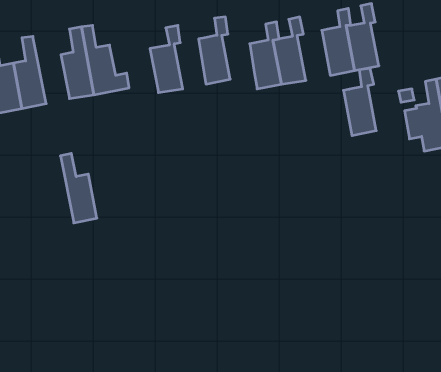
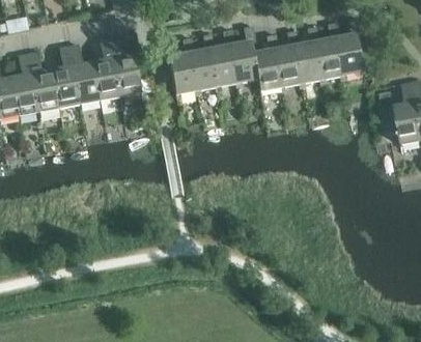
building: none -> [229,25,257,82]
building: none -> [189,33,216,90]
building: [343,68,376,136] -> [293,26,321,83]
building: [60,153,97,223] -> [68,44,100,103]

